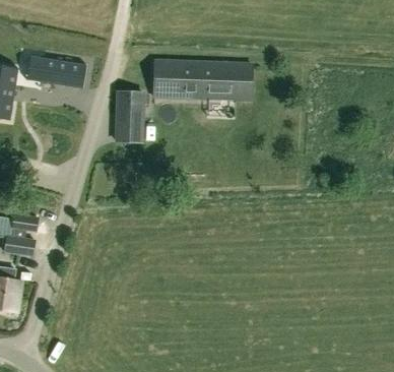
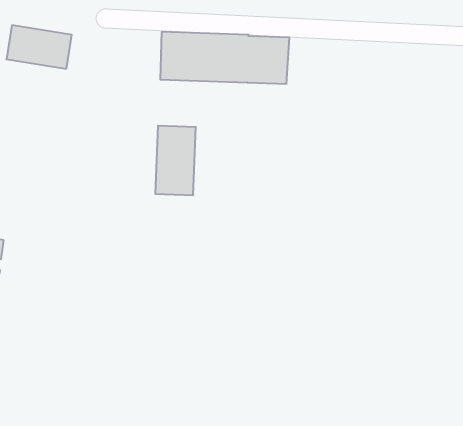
building: [113,90,143,142] -> [155,126,196,195]

